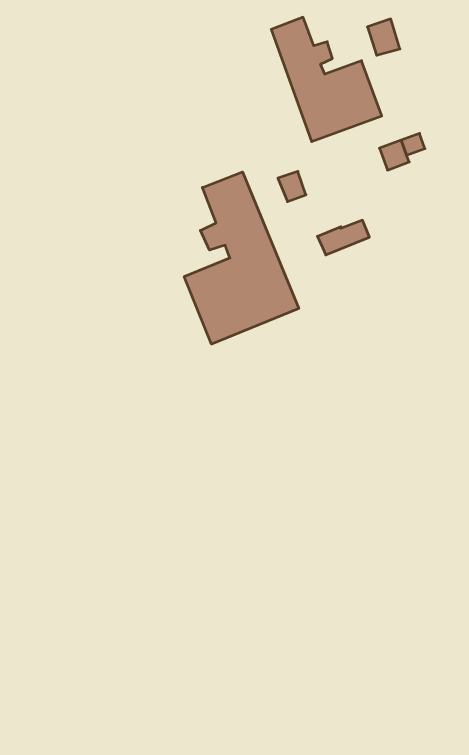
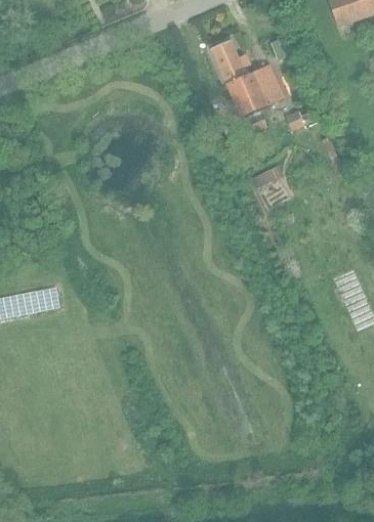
building: [184,172,299,344] -> none

